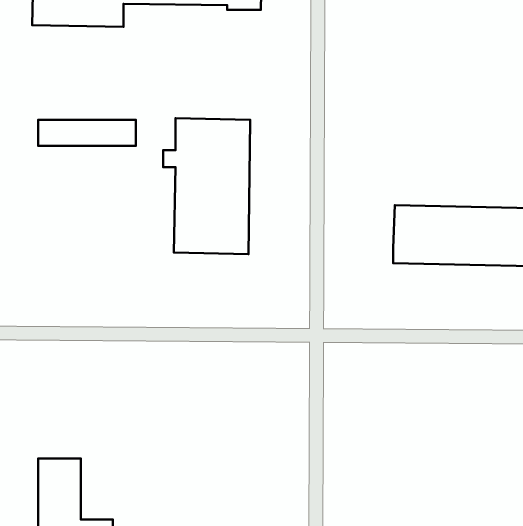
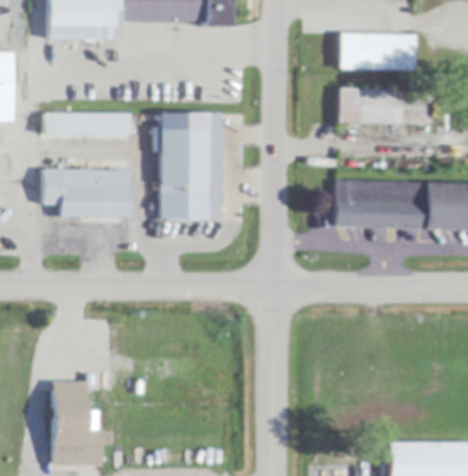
building: none -> [339,31,414,70]
building: none -> [338,86,423,124]
building: none -> [42,168,130,215]

